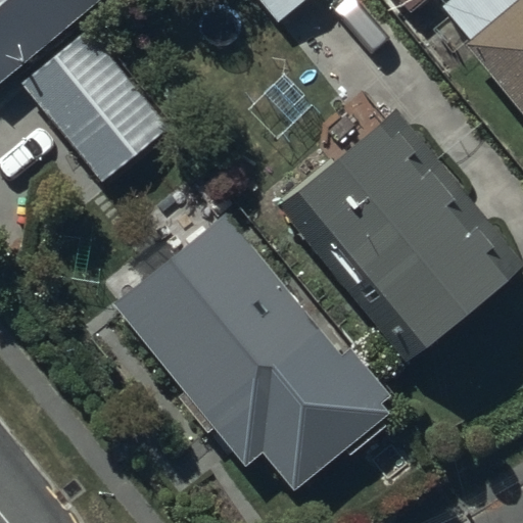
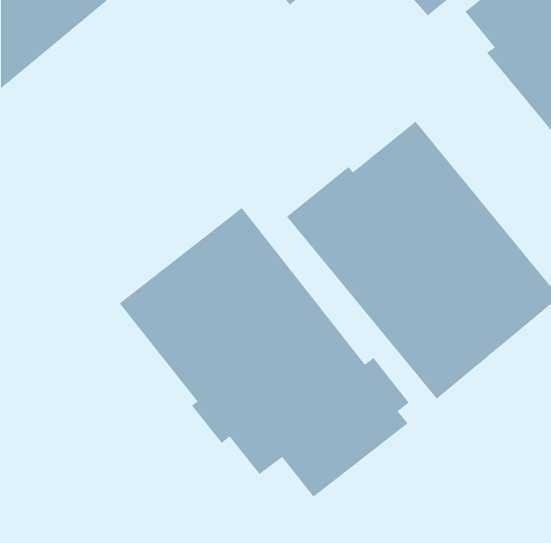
building: [17,31,169,184] -> none

